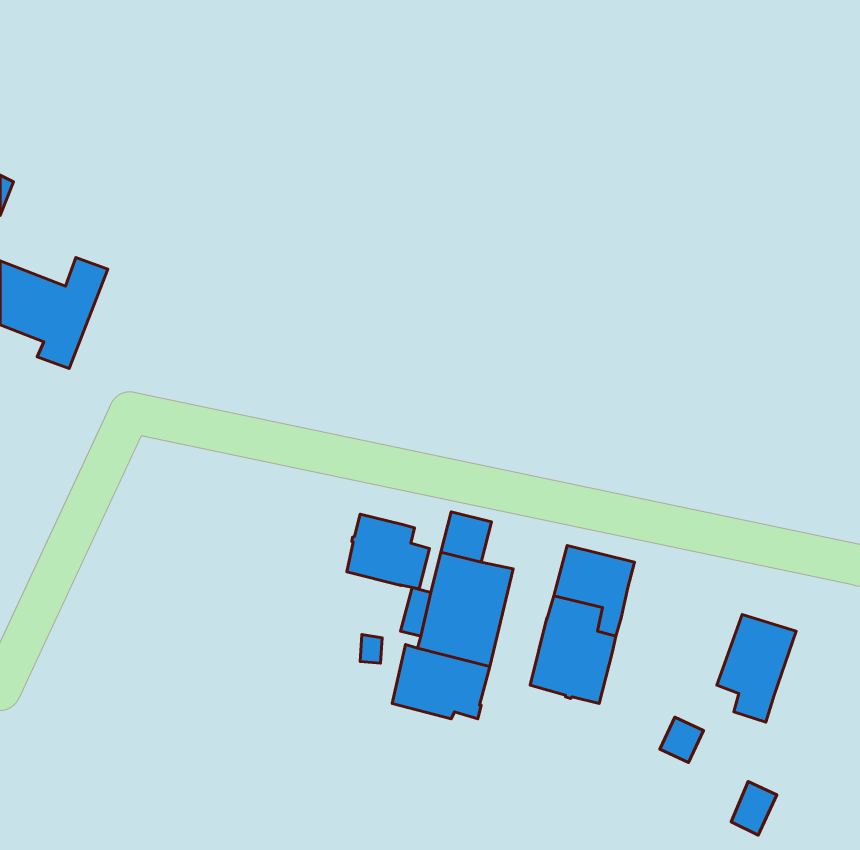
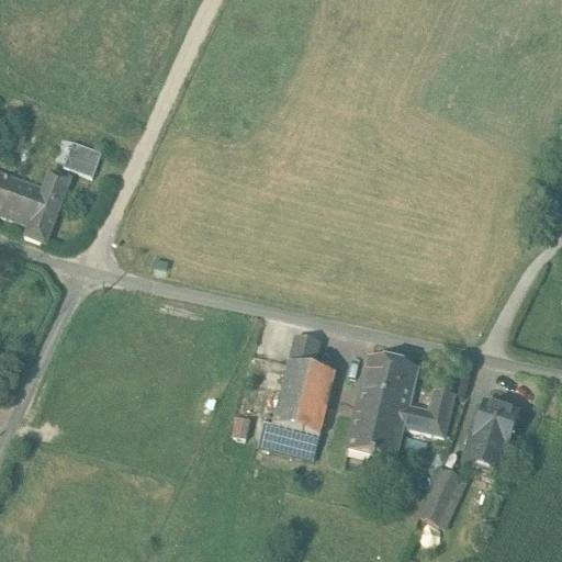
building: none -> [64,139,101,175]
building: [347,514,430,589] -> none
building: none -> [400,389,452,436]
building: [731,781,777,835] -> [419,488,449,524]

